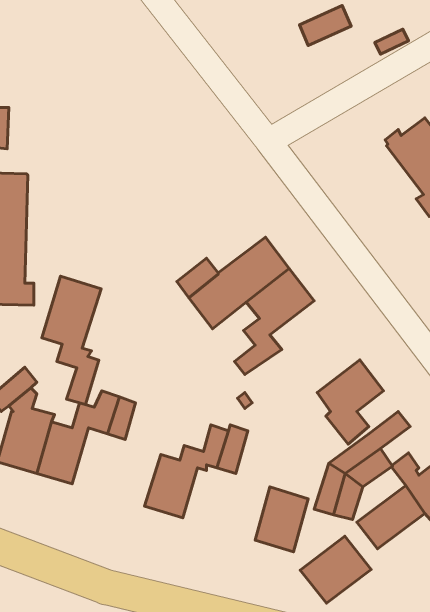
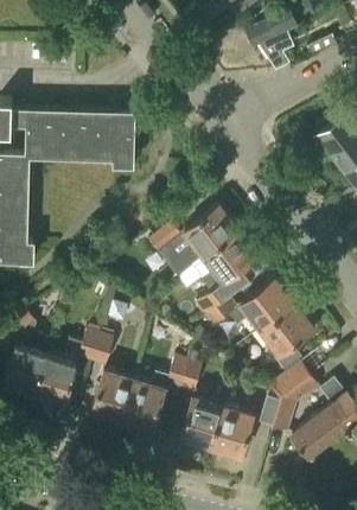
building: none -> [26,113,133,165]
building: [42,276,101,404] -> none
building: none -> [200,278,294,330]
building: none -> [90,370,134,421]
building: none -> [179,397,222,448]
building: [300,536,371,603] -> none

